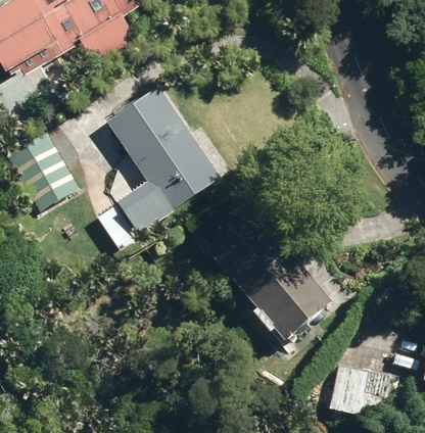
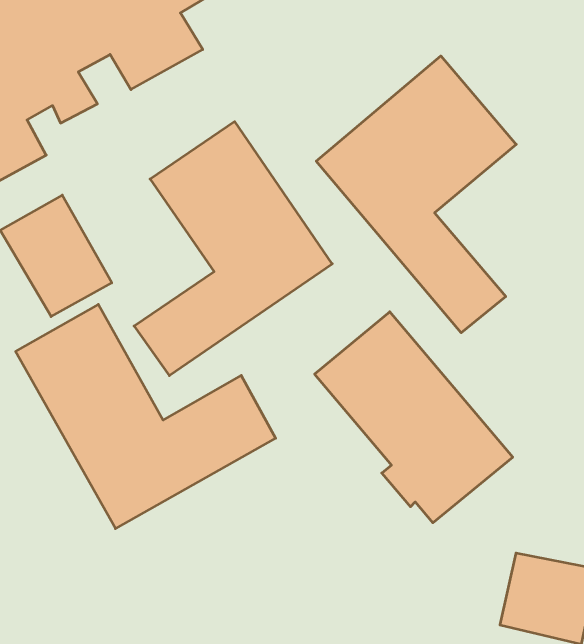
building: none -> [316,56,516,333]
building: none -> [16,304,276,529]

